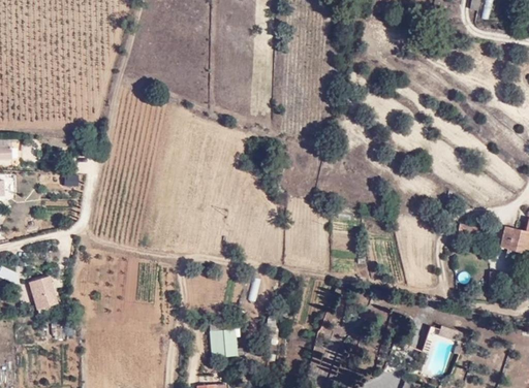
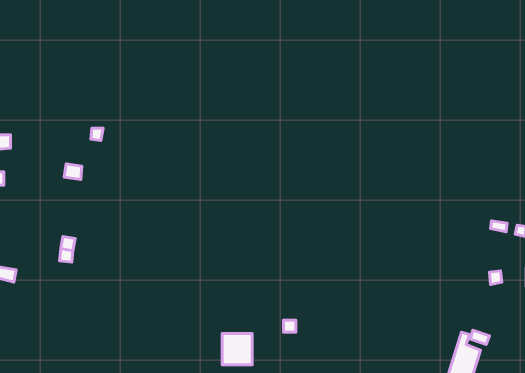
building: [27,274,58,312] -> none

